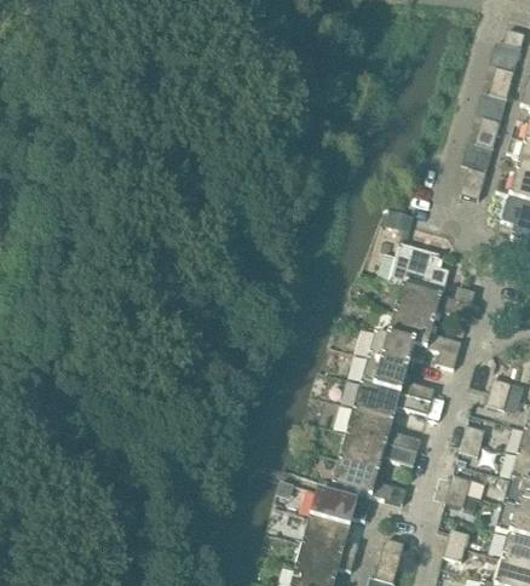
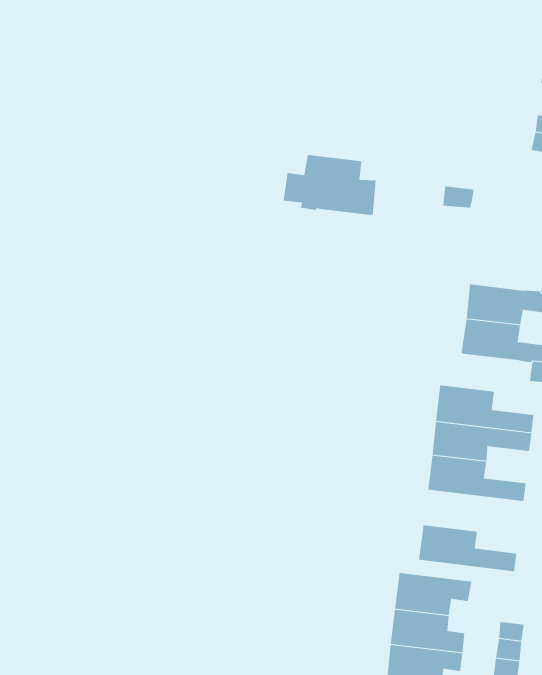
building: [375,243,447,295] -> [283,155,377,215]
building: [367,331,426,367] -> none
building: [339,432,416,469] -> none

